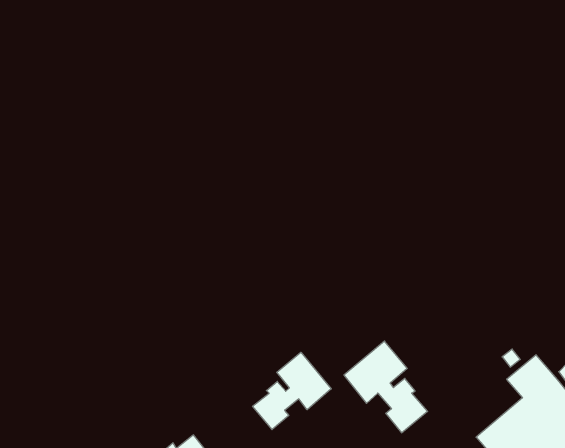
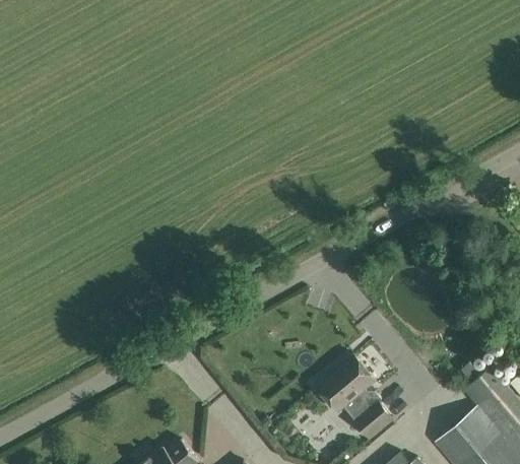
building: [253,352,331,430] -> none

